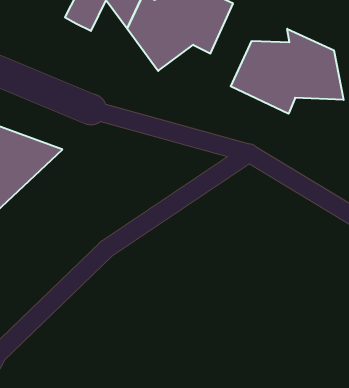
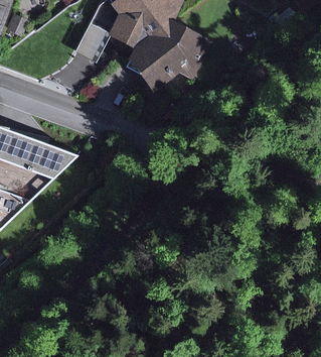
building: [231,29,344,114] -> none

